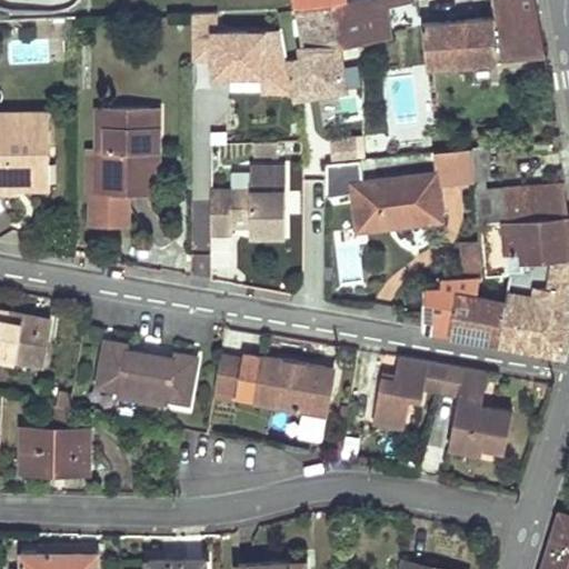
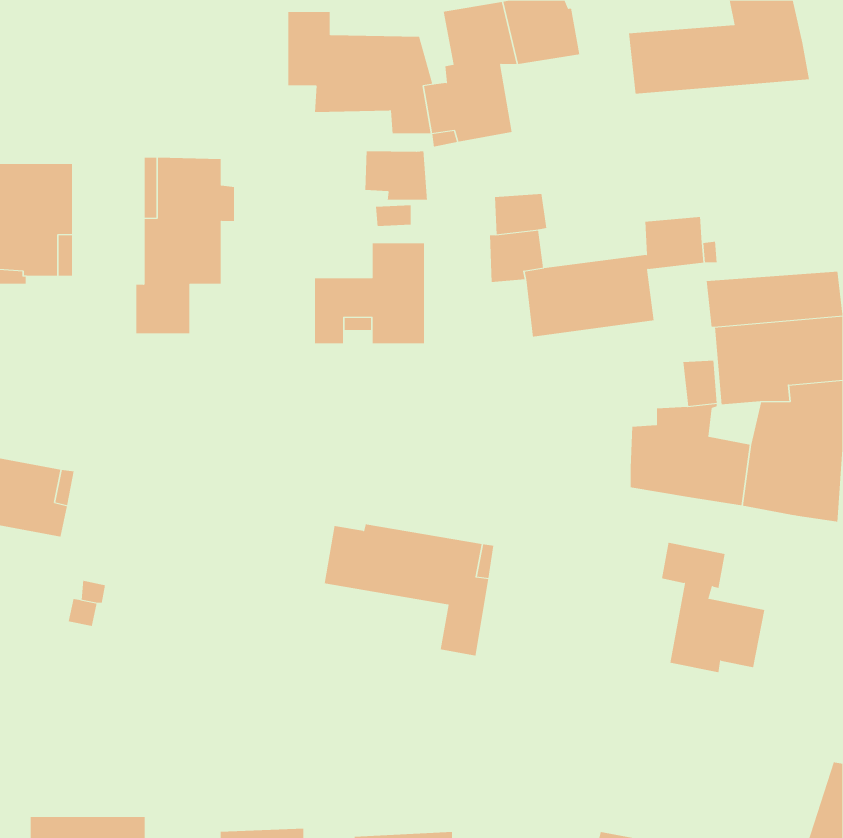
building: none -> [365,151,427,201]
building: [96,345,196,406] -> none
building: [373,359,449,430] -> none
building: [21,429,88,475] -> none

